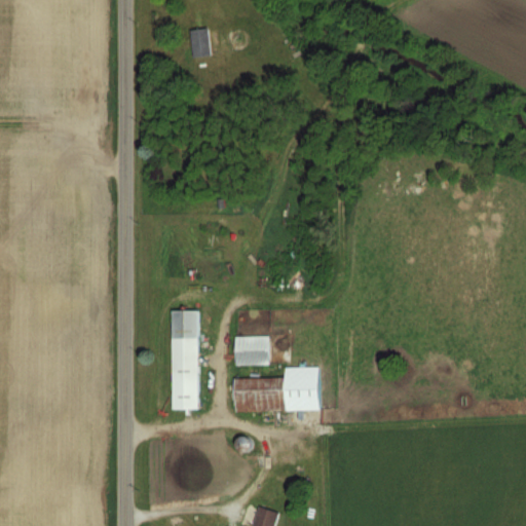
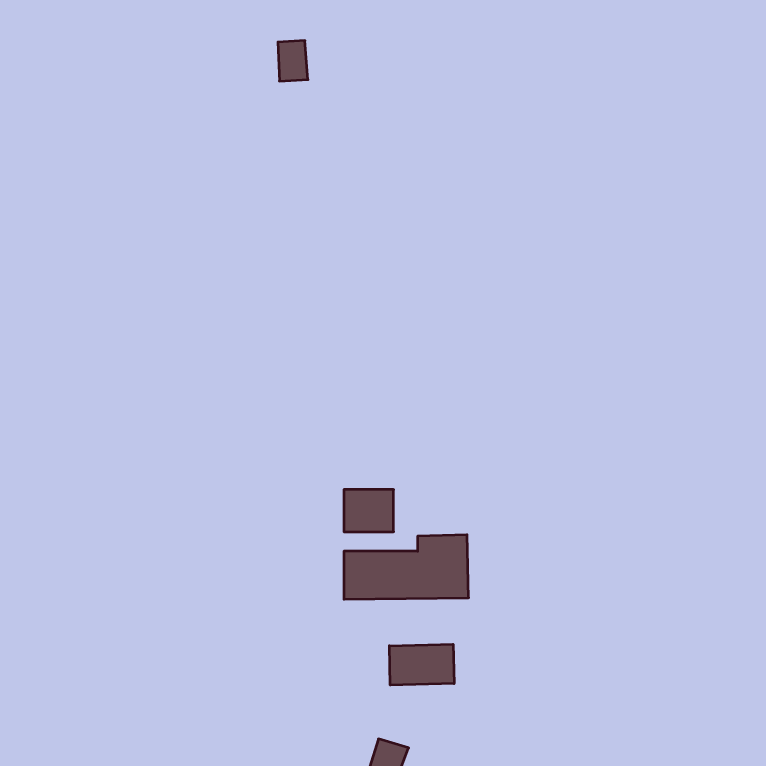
building: [173,310,198,410] -> none
building: none -> [389,644,454,685]

